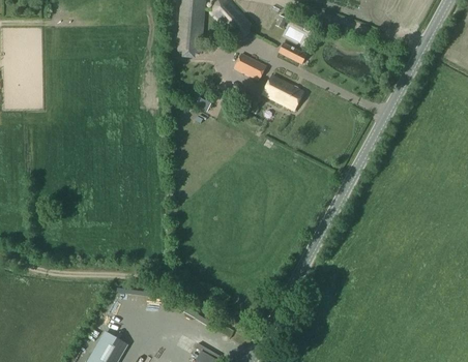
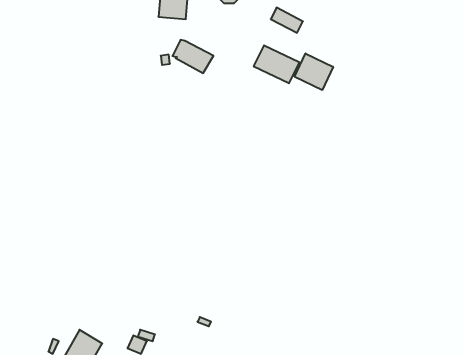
building: [230,50,267,80] -> [172,40,214,73]
building: none -> [295,53,333,90]

